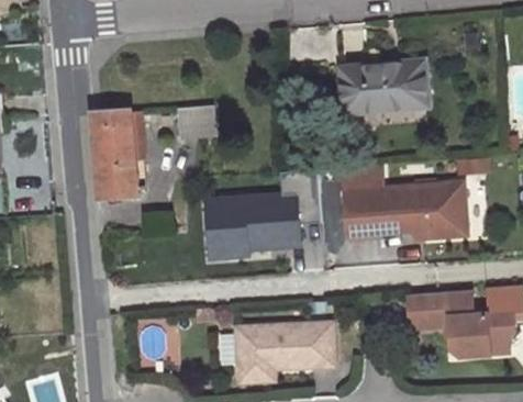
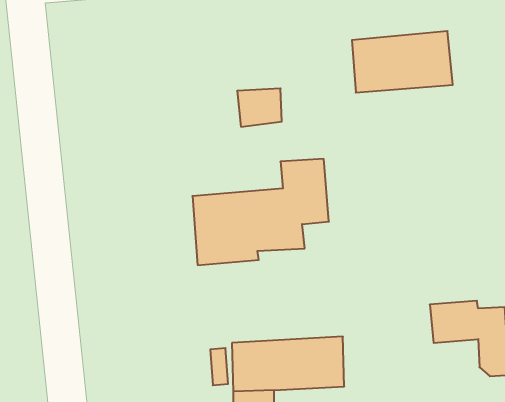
building: [178,107,216,139] -> [237,88,282,127]
building: [91,110,138,199] -> none
building: [344,182,468,237] -> none

